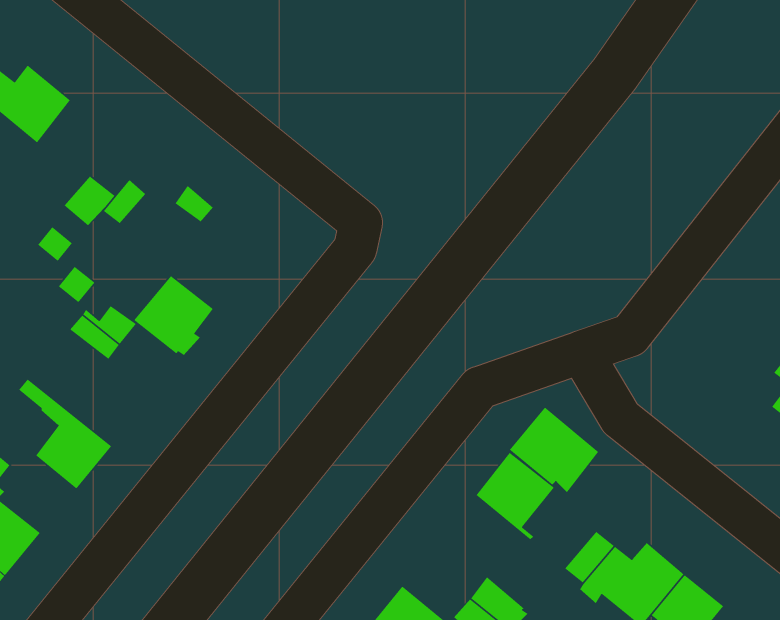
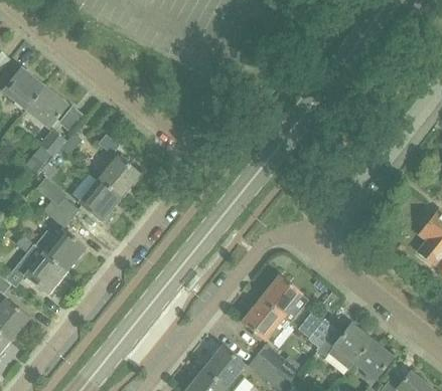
building: none -> [25,86,66,128]
building: none -> [97,155,139,198]
building: none -> [20,230,84,271]
building: [509,407,599,493] -> [241,298,289,344]

